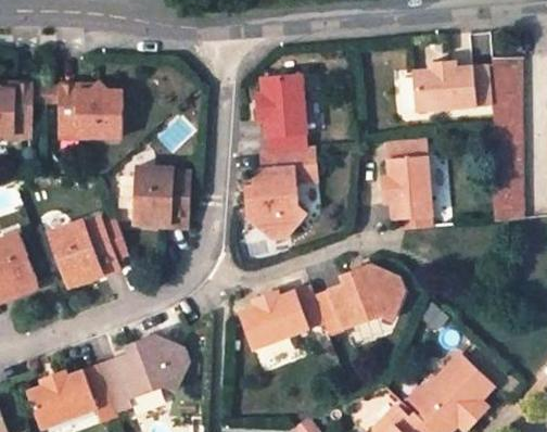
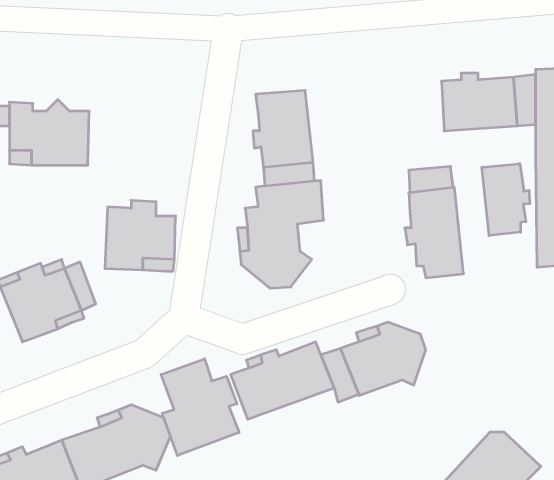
building: none -> [482,164,530,236]
building: none -> [161,359,239,456]

